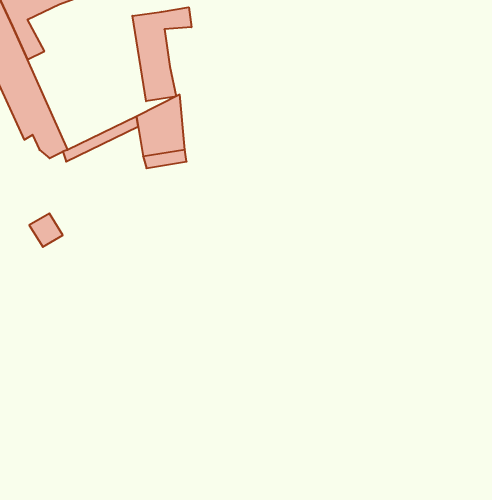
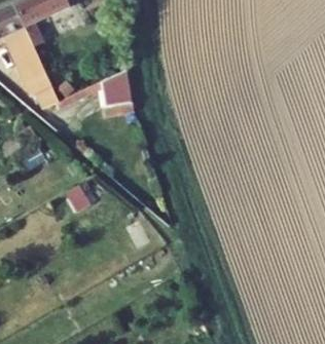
building: [132,7,191,101] -> none

